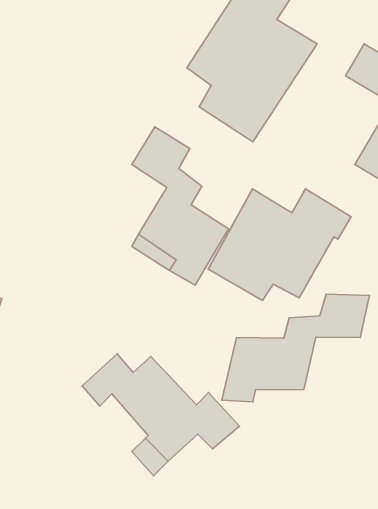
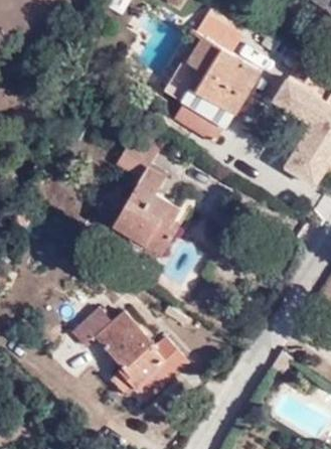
building: [208,189,351,300] -> none
building: [222,294,370,402] -> none

